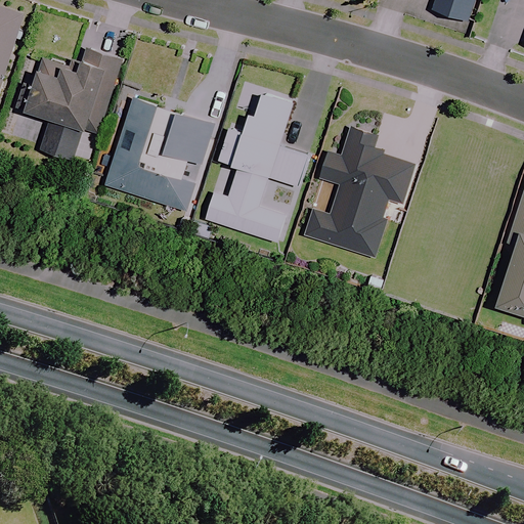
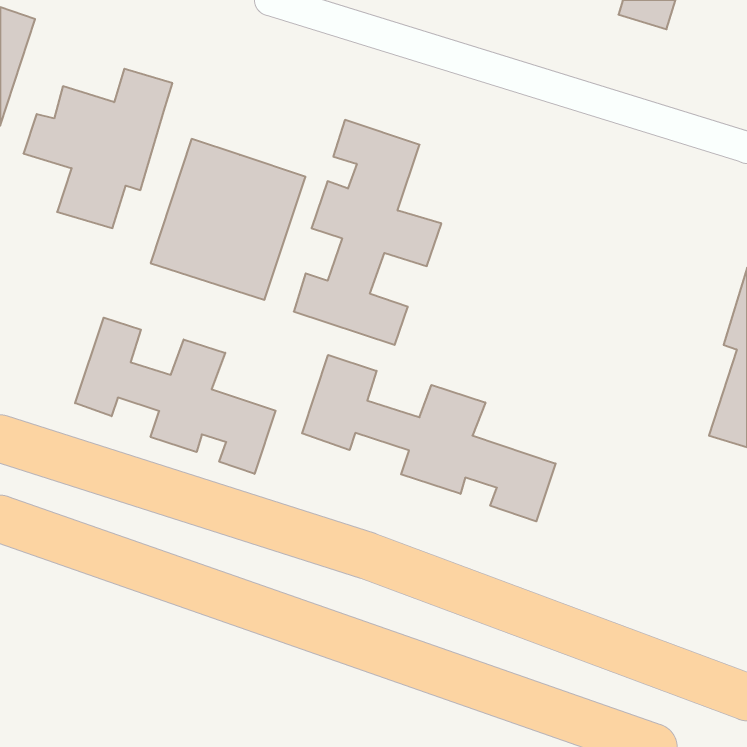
building: [305,127,414,258] -> none
building: none -> [75,318,276,474]
building: none -> [302,355,556,521]

